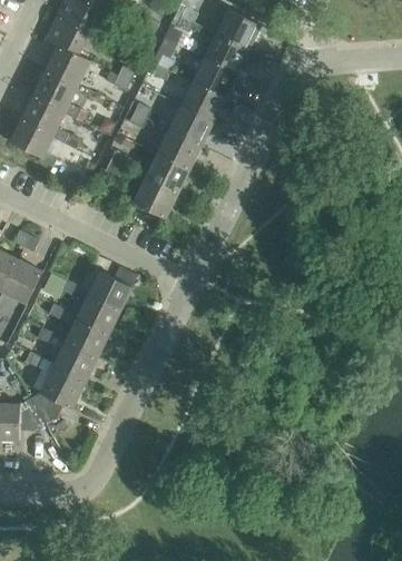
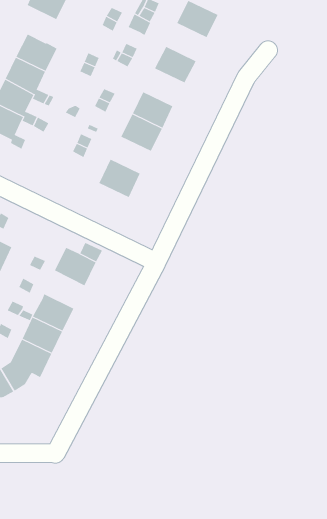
building: [46,14,89,55] -> none
building: [205,33,248,73] -> none
building: [180,81,225,121] -> none
building: [146,154,189,193] -> none
building: [76,295,119,335] -> none

